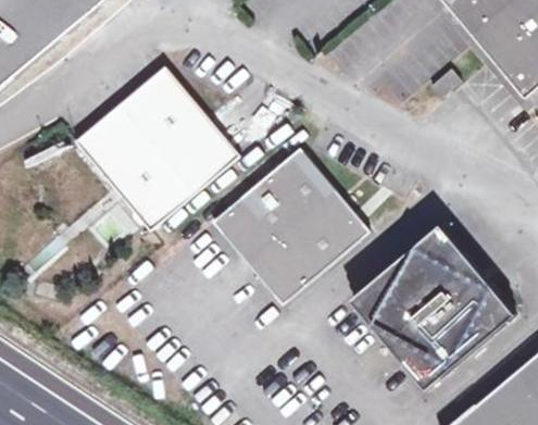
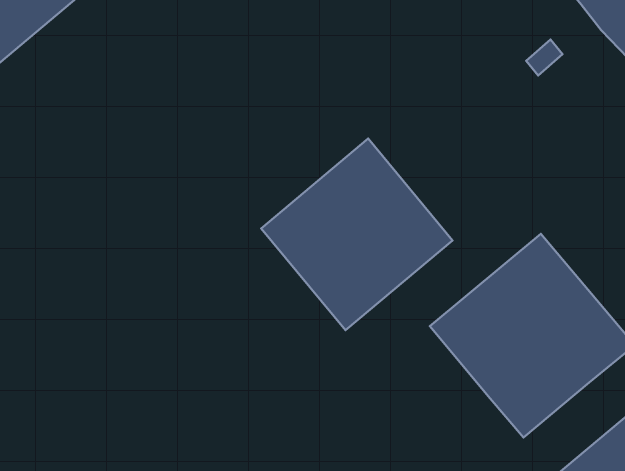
building: [76,64,240,229] -> none

